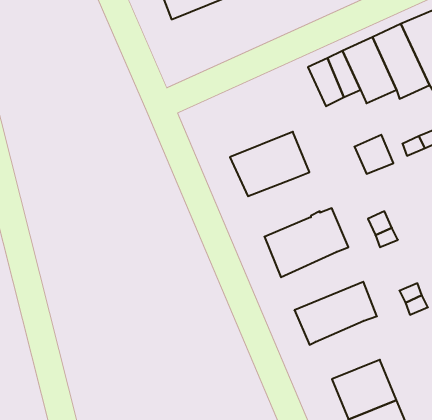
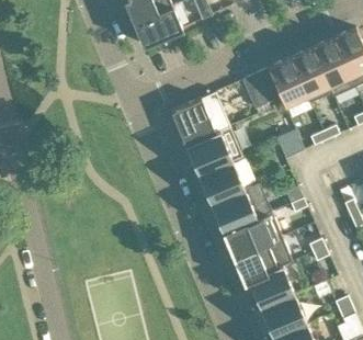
building: none -> [170,92,230,146]
building: none -> [197,161,243,204]
building: none -> [222,212,282,258]
building: none -> [247,265,294,308]

